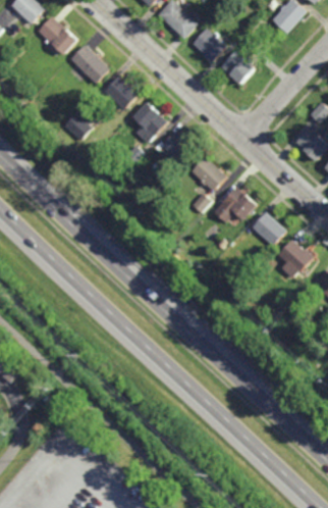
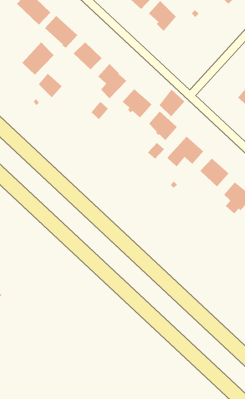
building: [218,49,254,84] -> none
building: none -> [22,42,55,75]
building: none -> [159,89,185,117]

